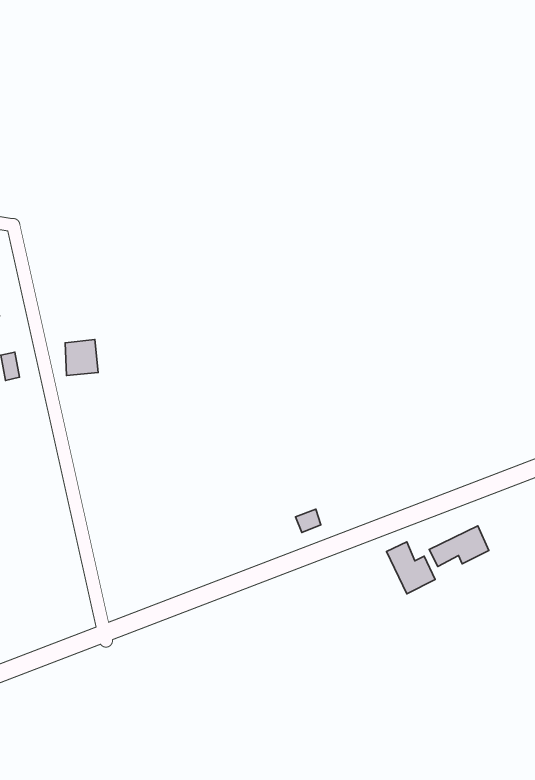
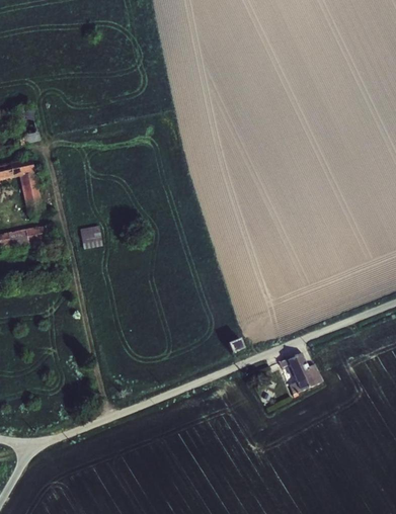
building: [429,526,489,566] -> none

